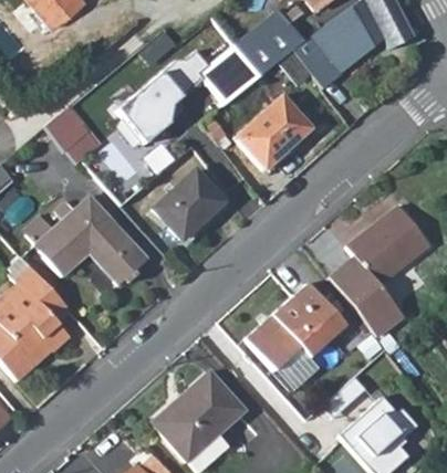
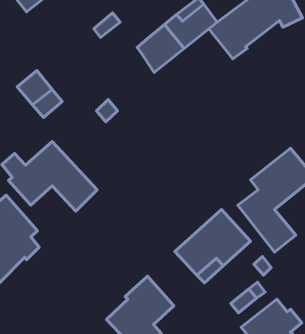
building: [124,49,209,138] -> none
building: [233,95,309,167] -> none
building: [154,169,221,236] -> none

